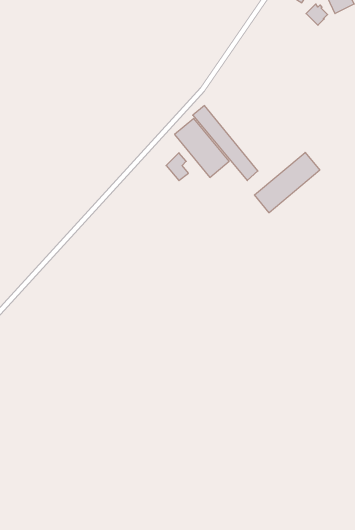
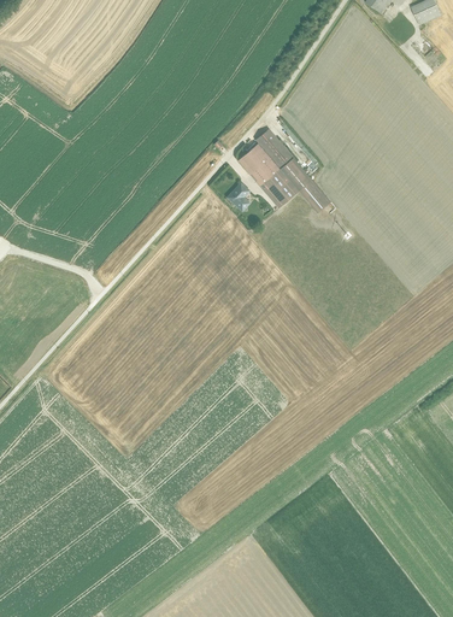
building: [254,152,320,213] -> none

